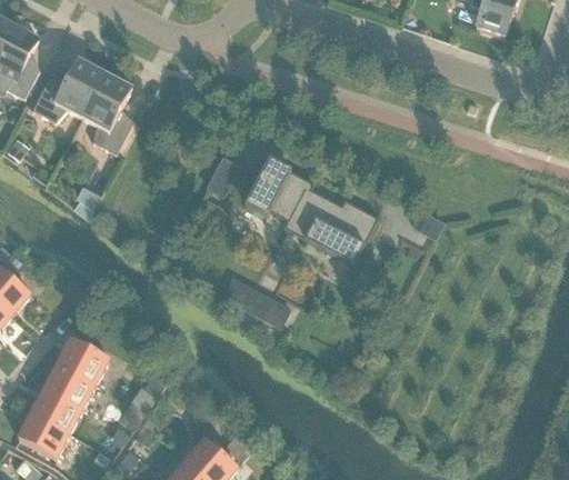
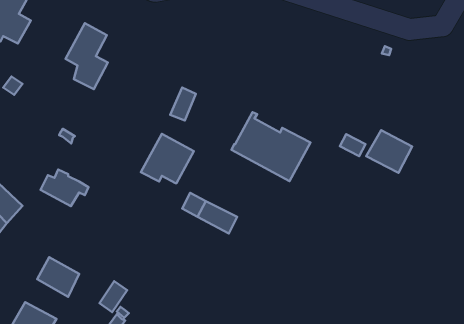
building: [32,58,106,121] -> none
building: [244,159,309,219] -> [141,134,194,183]
building: none -> [366,130,412,173]
building: [62,331,120,376] -> [41,170,88,206]
building: [33,382,86,430] -> none

